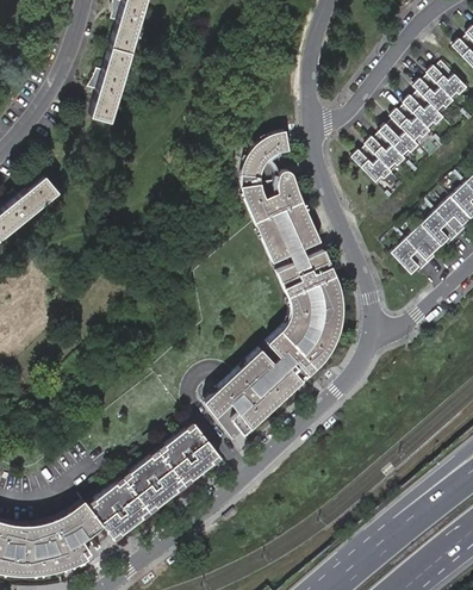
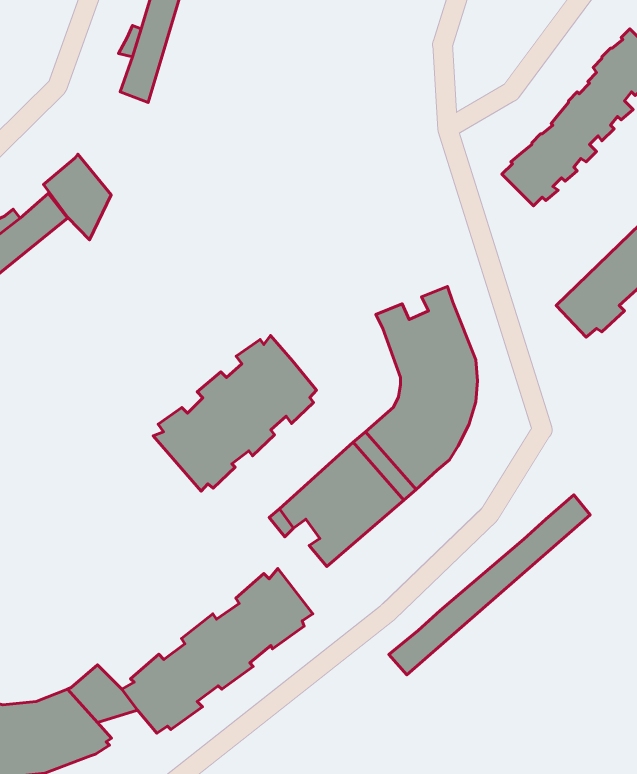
building: [242,132,317,257] -> none
building: none -> [44,154,111,240]
building: none -> [153,336,317,491]
building: none -> [389,495,590,675]

